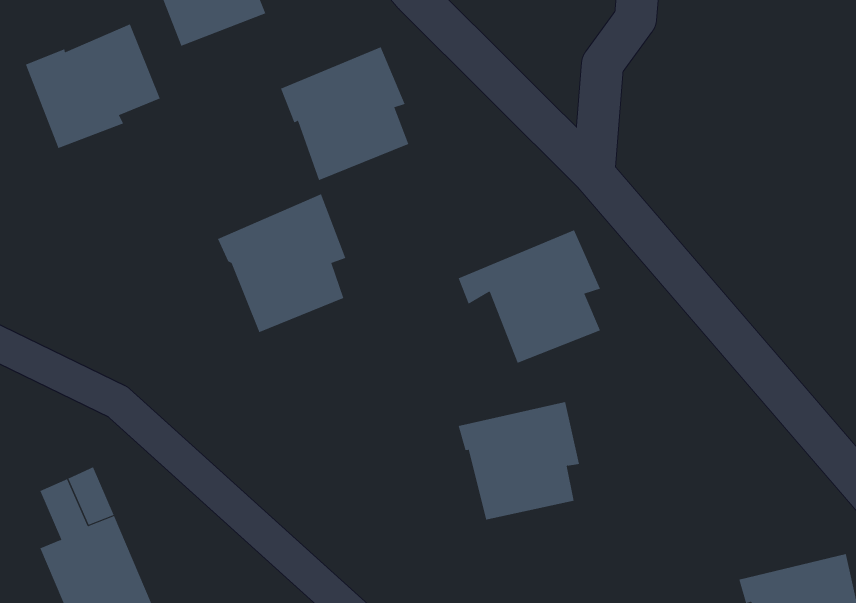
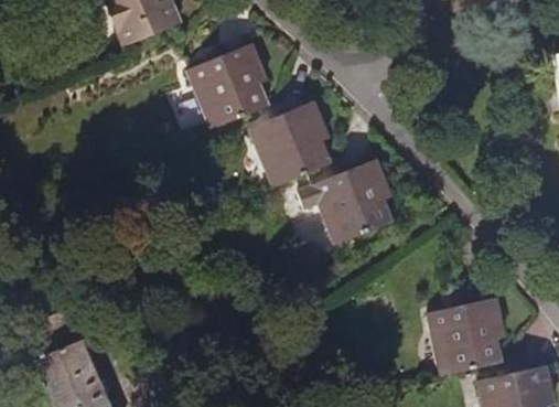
building: [25,23,161,149] -> none
building: [217,194,346,333] -> [248,100,330,189]
building: [458,402,580,520] -> [427,299,504,374]

